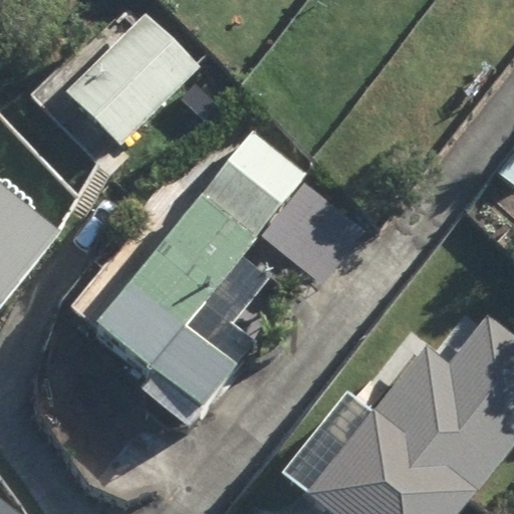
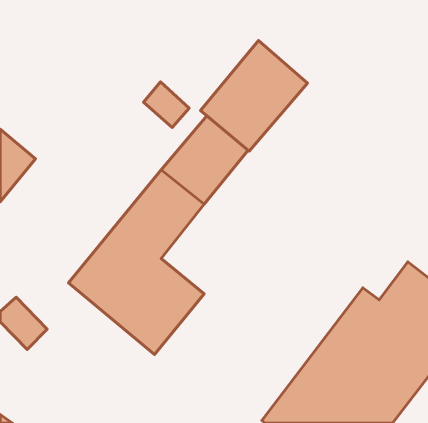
building: [55,17,192,153] -> none
building: none -> [201,41,307,151]

